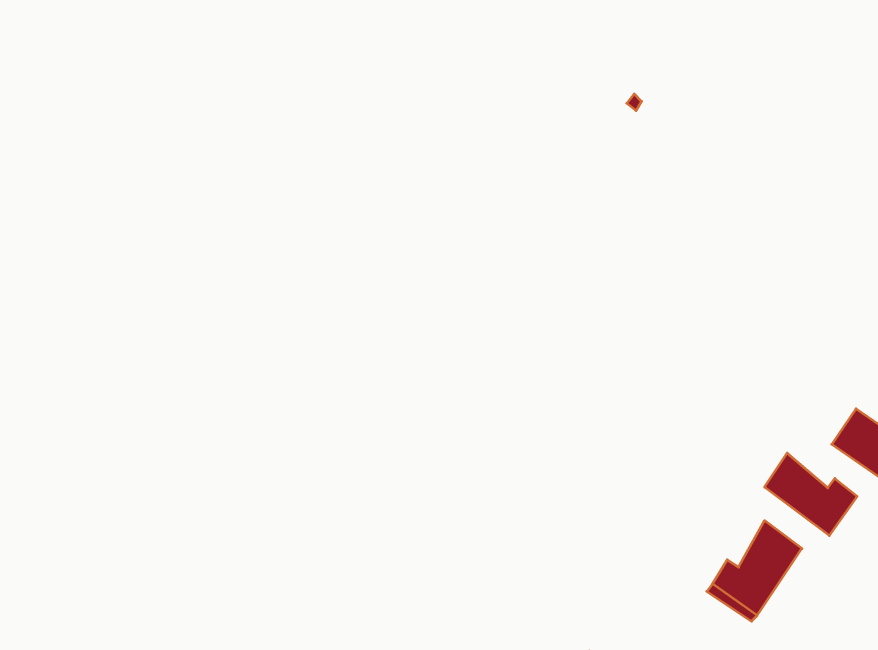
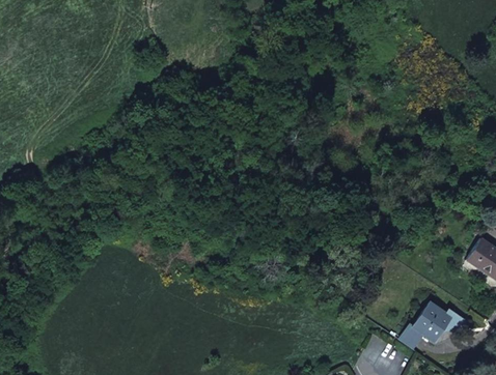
building: [765,453,857,536] -> none

